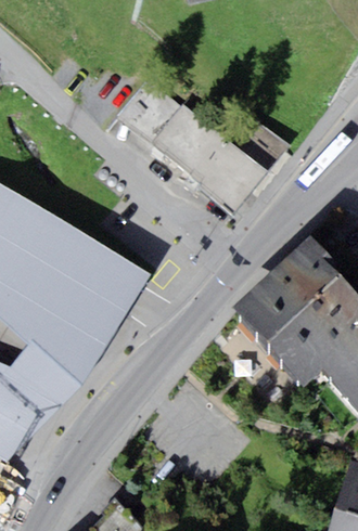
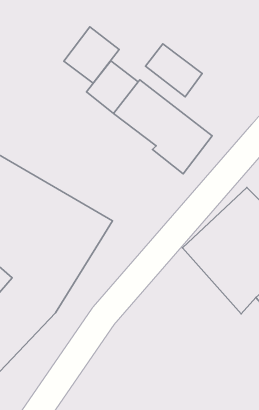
building: none -> [64,27,119,83]
building: none -> [145,44,202,97]

